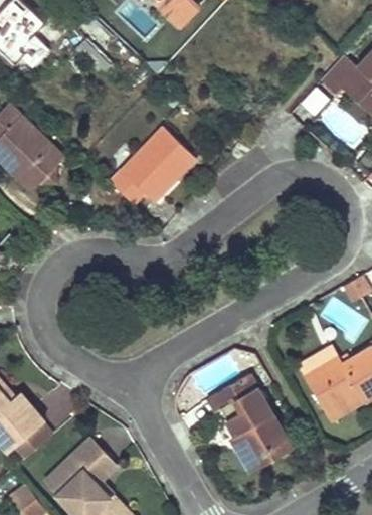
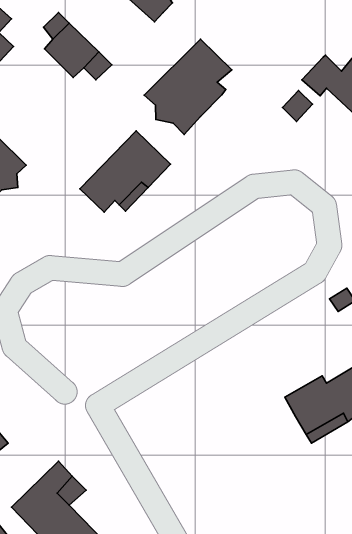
building: none -> [144,39,232,134]
building: [205,375,289,473] -> none

